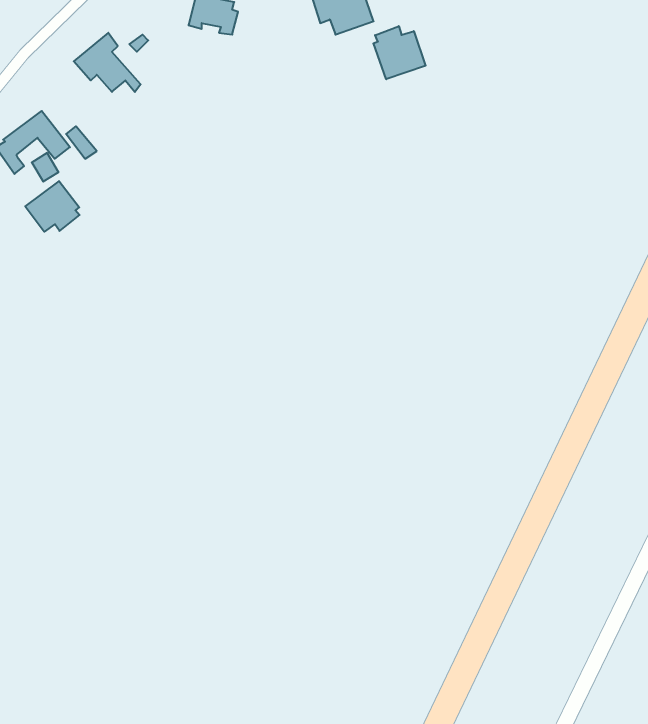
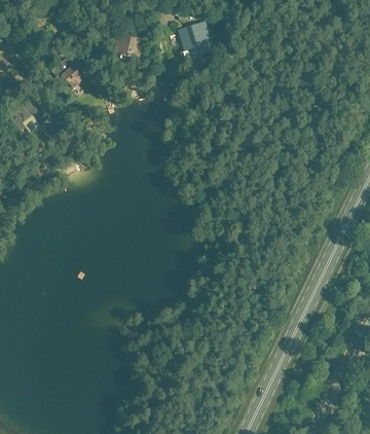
building: [373,26,426,79] -> none
building: [25,181,80,232] -> none

